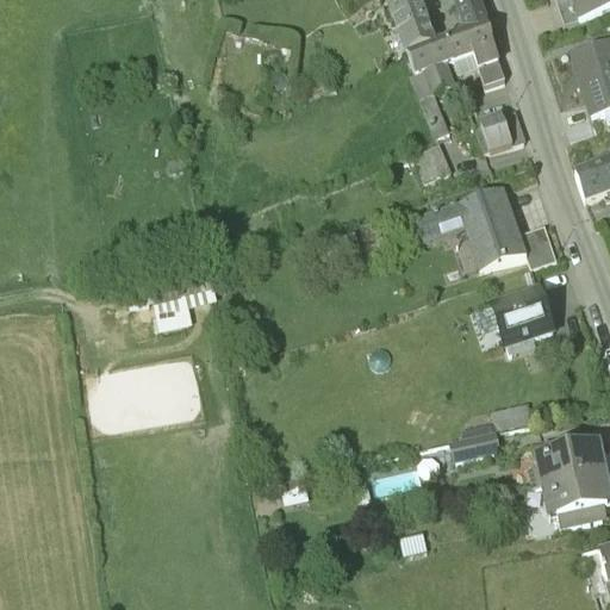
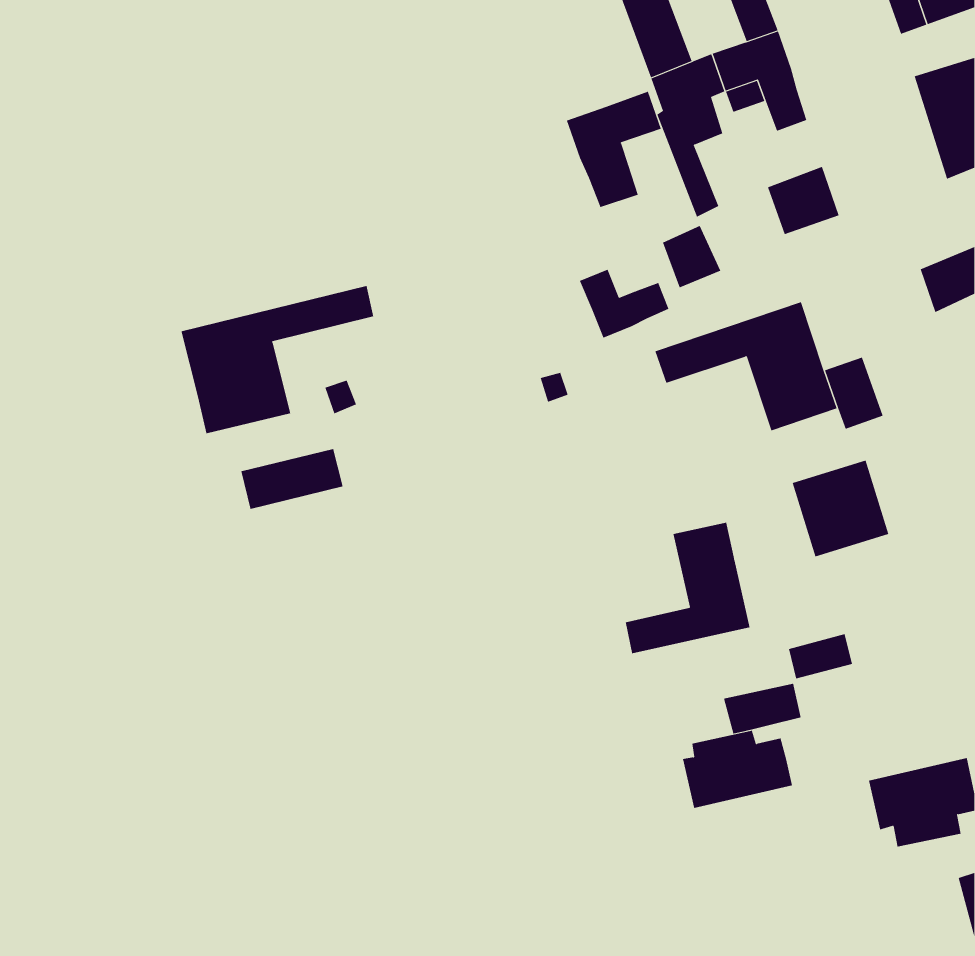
building: none -> [566,91,661,208]
building: none -> [579,269,669,339]
building: none -> [181,285,374,434]
building: none -> [625,522,750,654]
building: [535,438,604,487] -> [682,730,793,809]

